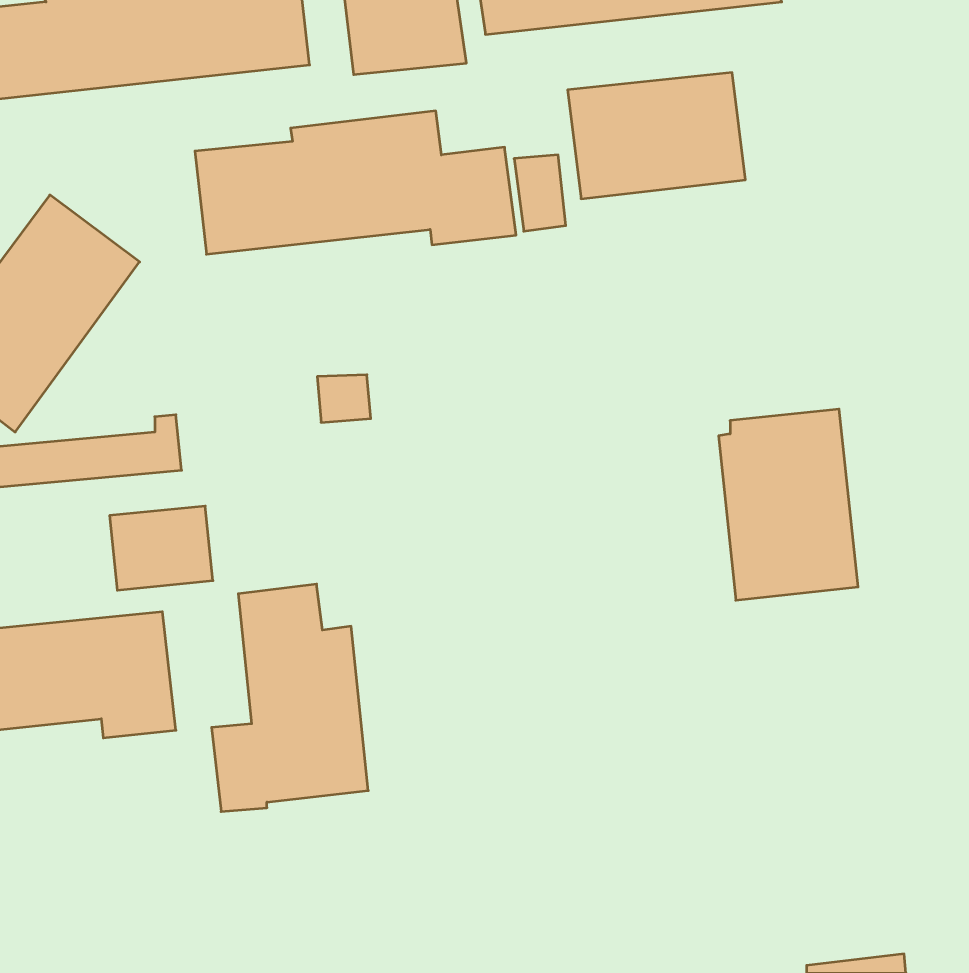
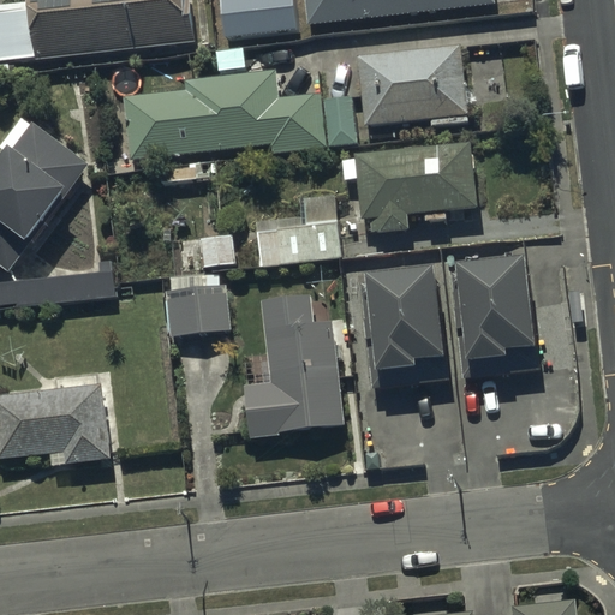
building: none -> [340,142,478,234]
building: none -> [255,217,338,265]
building: none -> [360,268,449,388]
building: [110,506,213,590] -> [165,285,229,338]
building: [212,584,368,812] -> [244,294,342,437]

